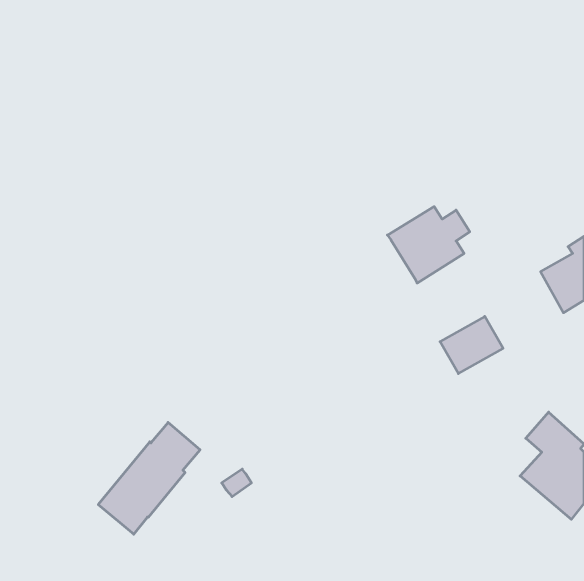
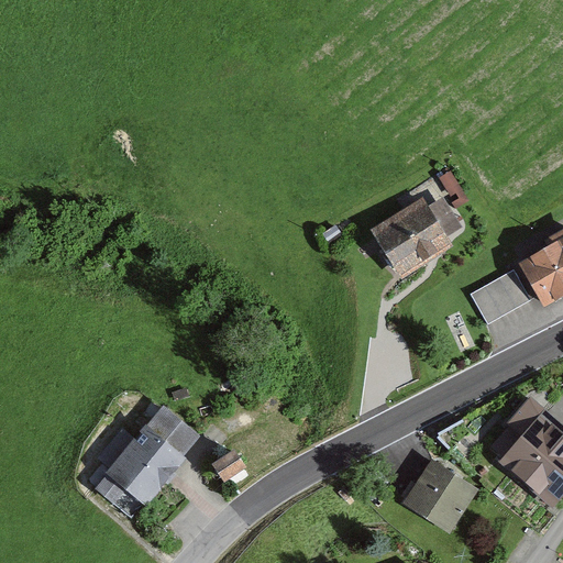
building: [440,316,503,374] -> [471,272,531,327]
building: none -> [407,461,471,525]

